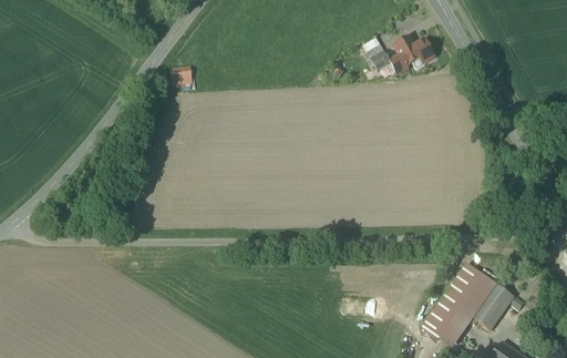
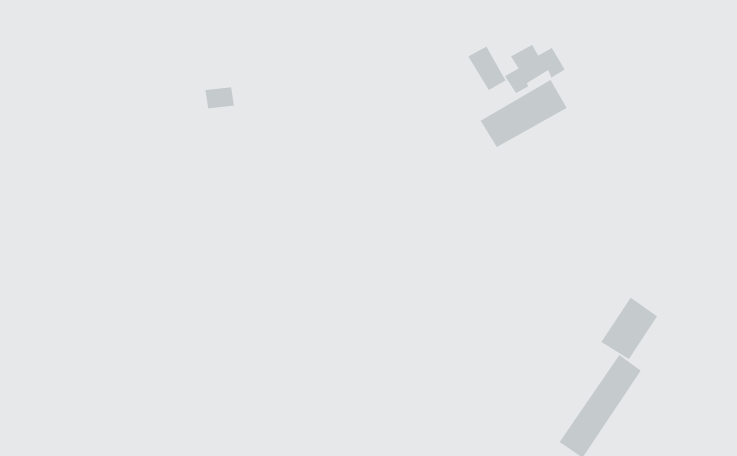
building: none -> [480,79,568,148]
building: [474,283,516,329] -> [600,296,658,360]

